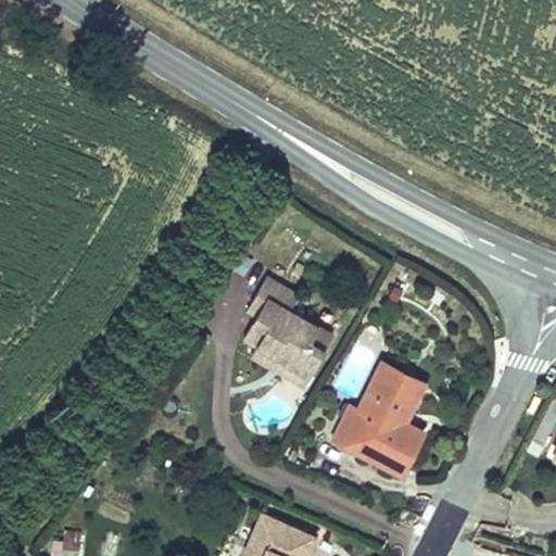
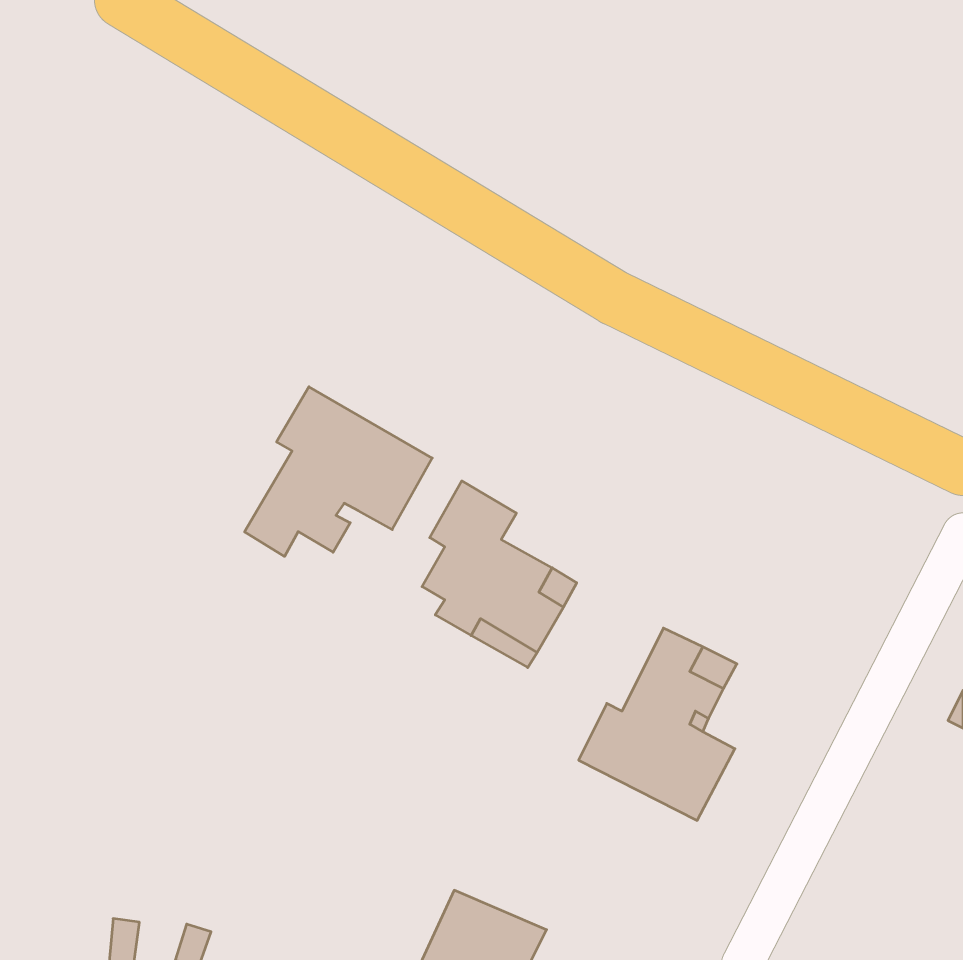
building: none -> [245,387,432,556]

